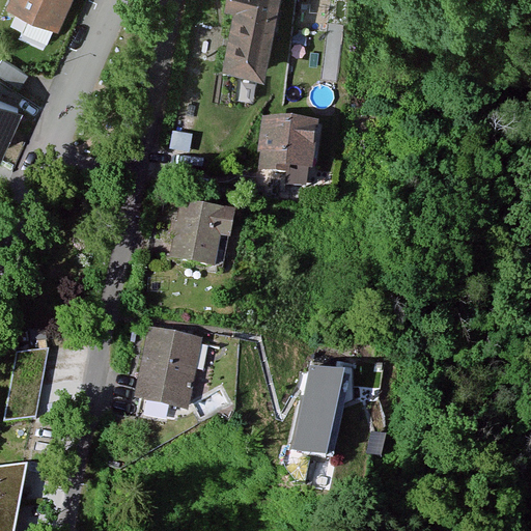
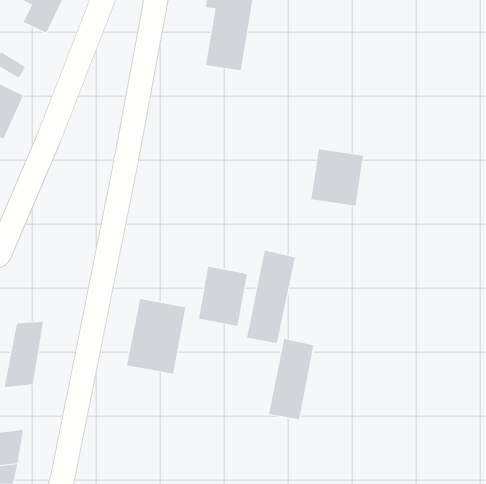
building: [256,119,314,181] -> [310,149,364,206]
building: [173,201,227,267] -> [198,266,248,326]
building: none -> [247,250,295,344]

